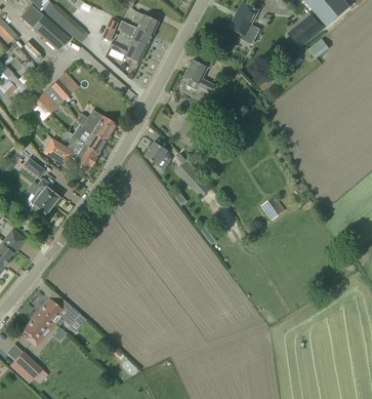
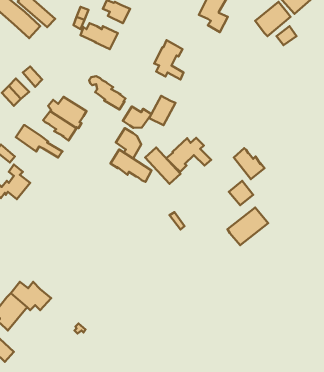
building: [119,21,153,45] -> none
building: none -> [123,107,151,128]
building: [60,131,97,165] -> [89,76,125,109]
building: none -> [166,138,211,172]
building: none -> [234,148,264,179]
building: none -> [110,150,151,182]
building: none -> [227,207,268,245]

